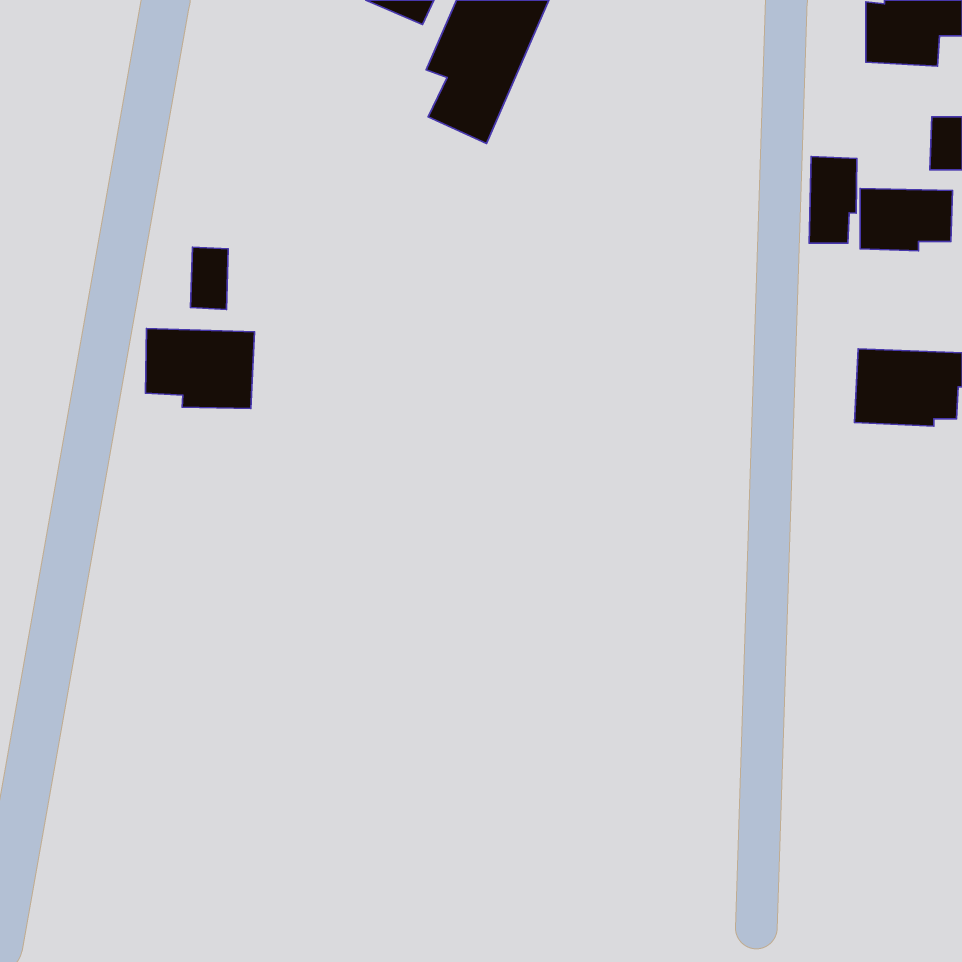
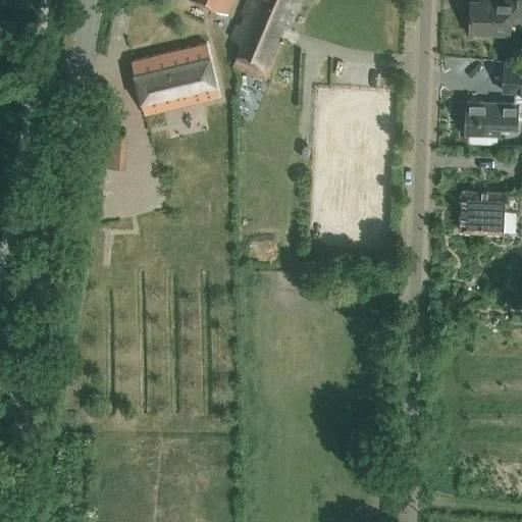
building: none -> [132,42,216,113]
building: [809,156,857,243] -> none
building: [145,328,255,408] -> none

